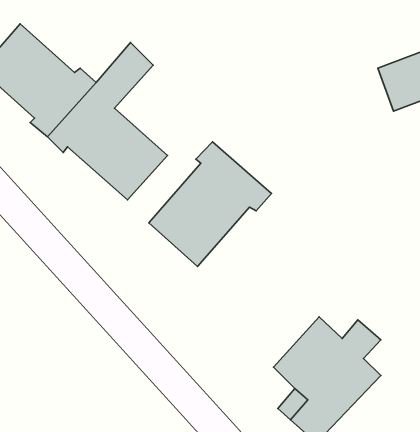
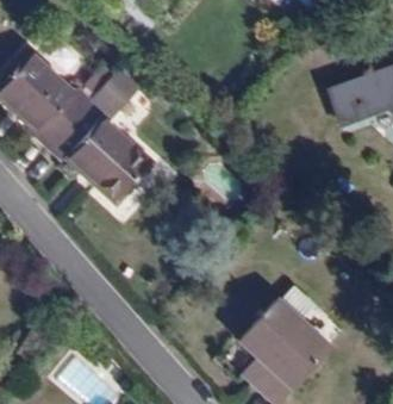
building: [149,142,271,266] -> none

